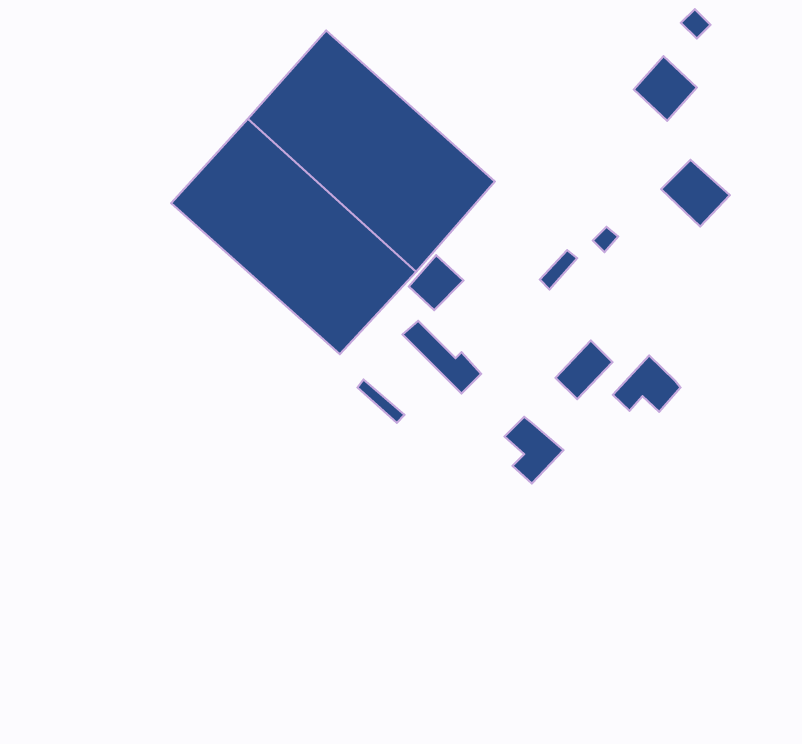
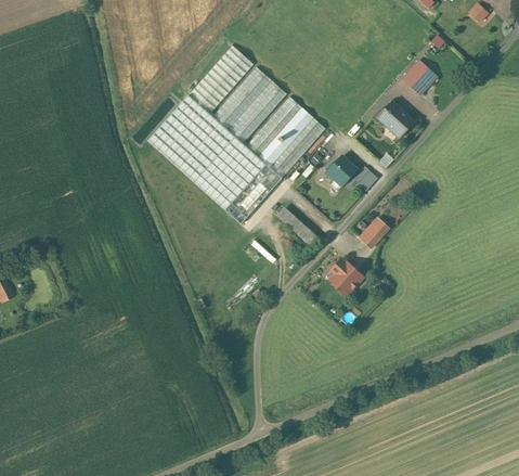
building: [661,160,730,226] -> [376,101,414,138]
building: [409,255,464,310] -> [326,155,356,185]
building: [613,355,681,412] -> none

